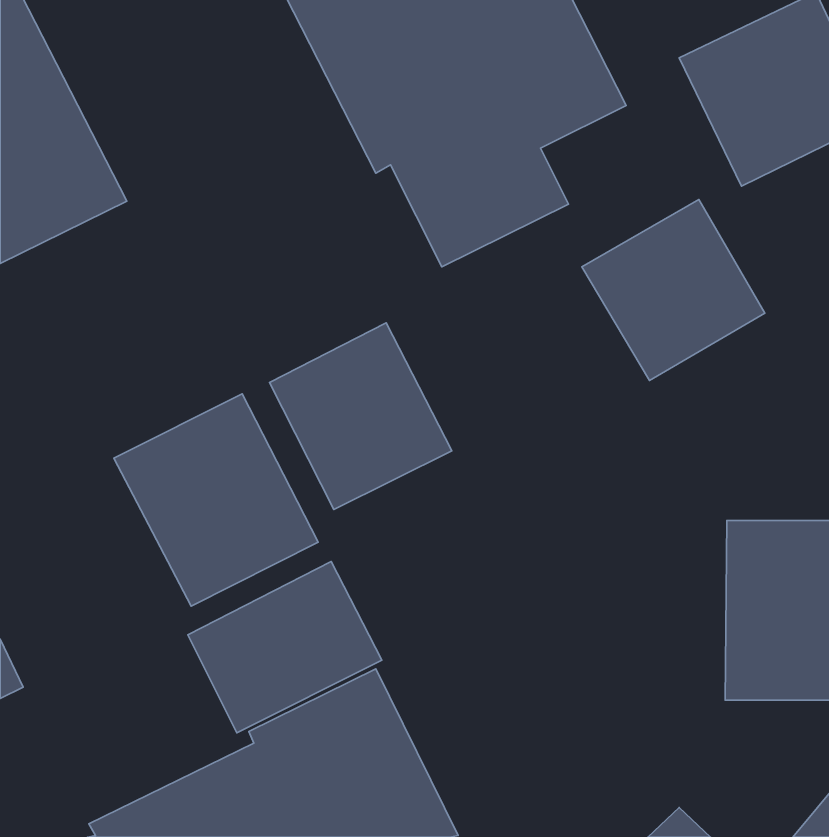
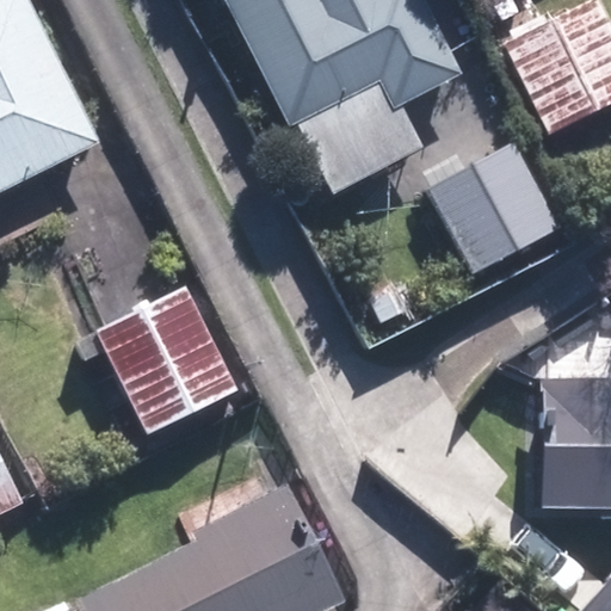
building: [270,323,452,509] -> none
building: [188,562,382,733] -> none

